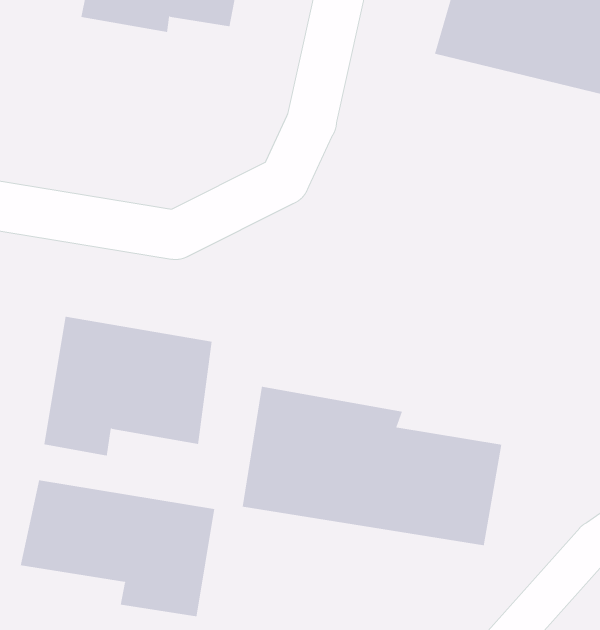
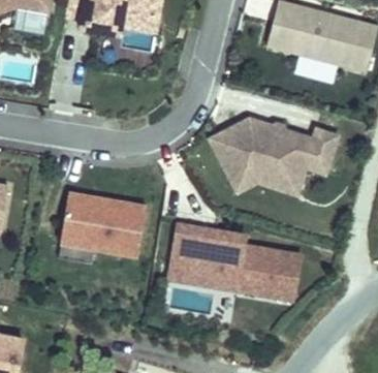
building: none -> [204,114,341,194]
building: [20,480,215,617] -> none

